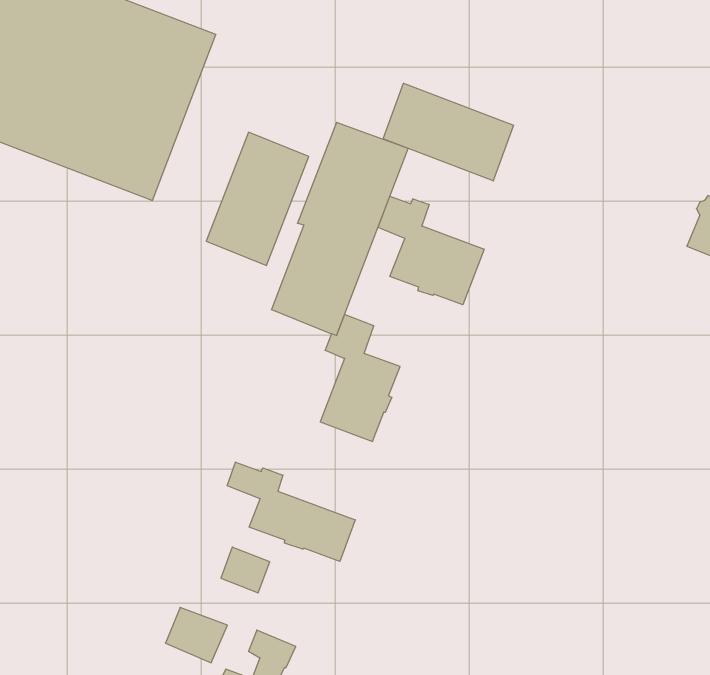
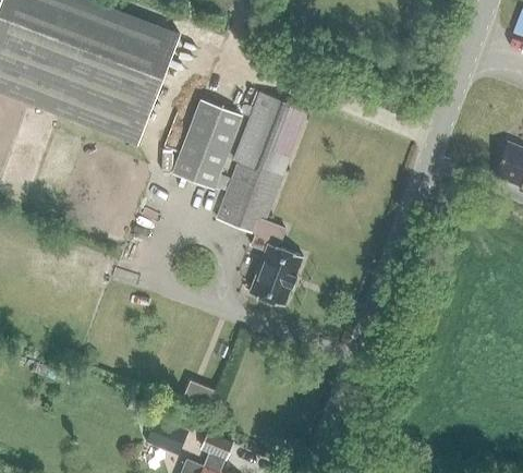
building: [383,83,514,181] -> none
building: [378,196,484,305] -> none
building: [227,462,355,561] -> none

